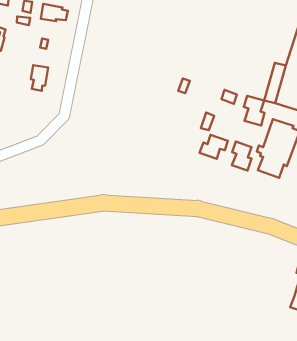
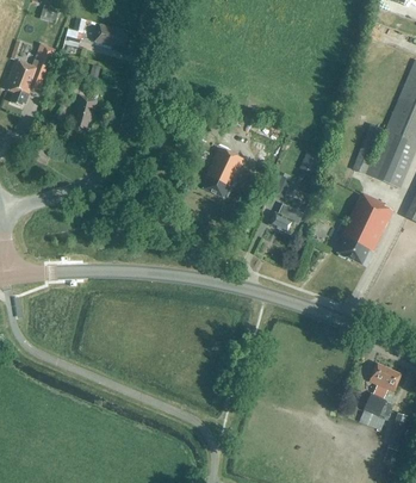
building: none -> [203,147,244,197]
building: [244,96,265,125] -> none
building: [232,142,252,171] -> none

